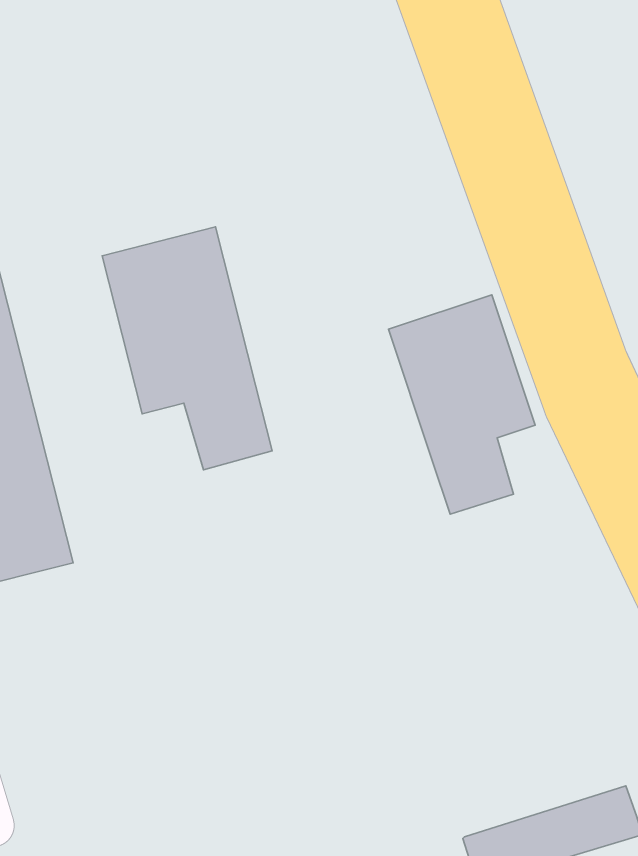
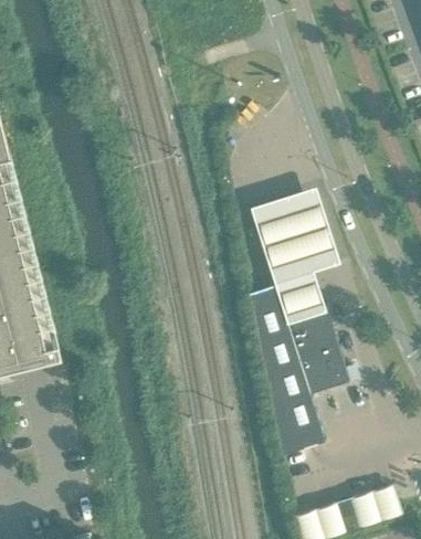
building: [102,227,272,470] -> none
building: none -> [251,288,350,457]

